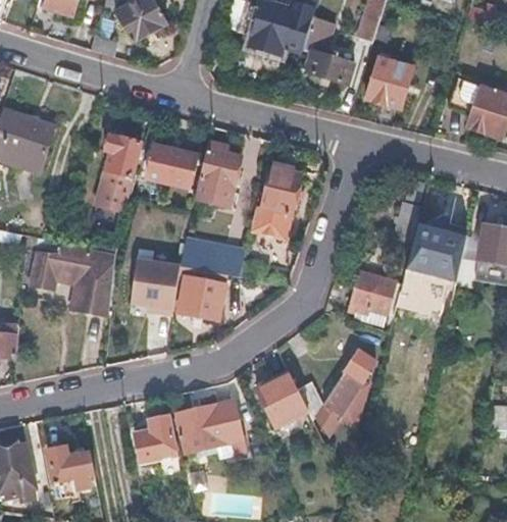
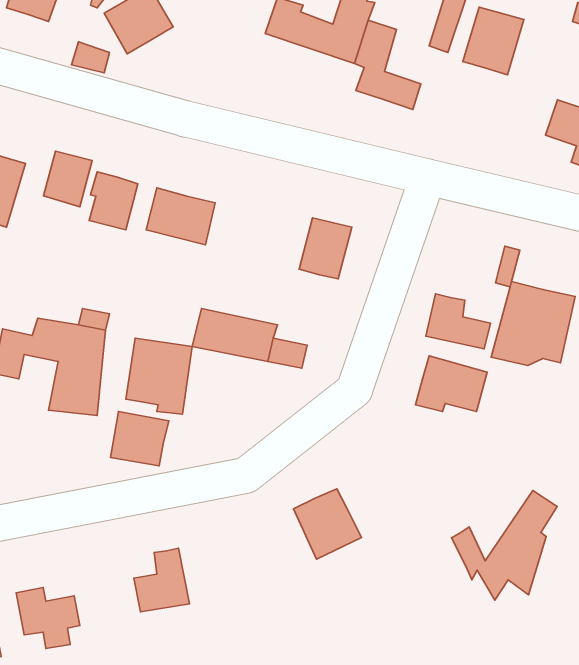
building: [365,56,411,107] -> [463,7,524,75]
building: [196,143,241,206] -> none
building: [94,168,131,210] -> [43,151,92,207]
building: [250,204,291,237] -> none
building: none -> [426,294,490,349]
building: [179,278,222,319] -> [111,411,169,466]
building: [297,349,376,431] -> [451,490,557,600]
building: [179,405,241,461] -> none

